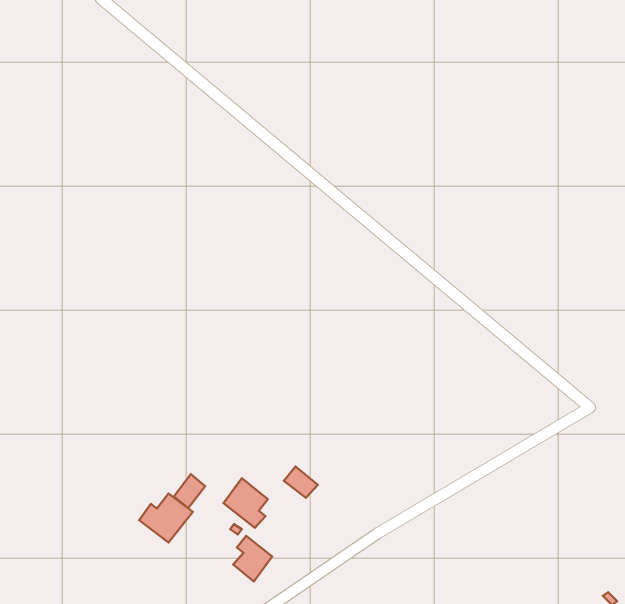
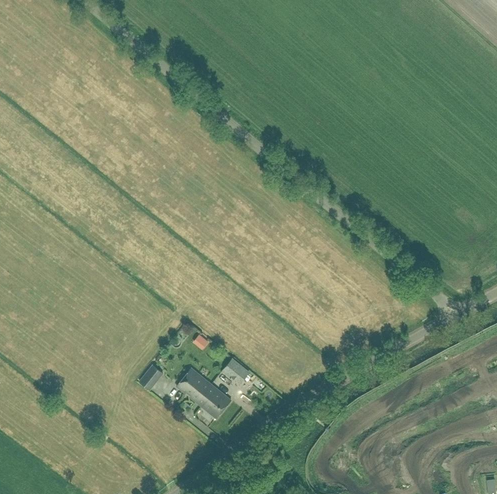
building: [139,493,193,542] -> none
building: [233,536,272,582] -> [201,384,231,419]

